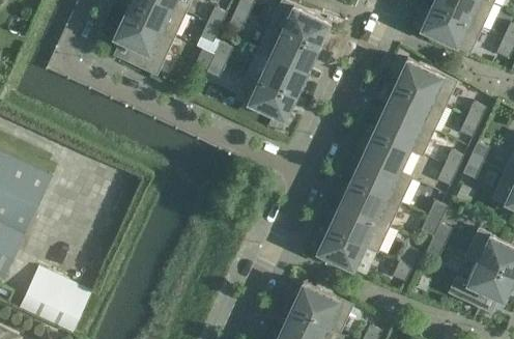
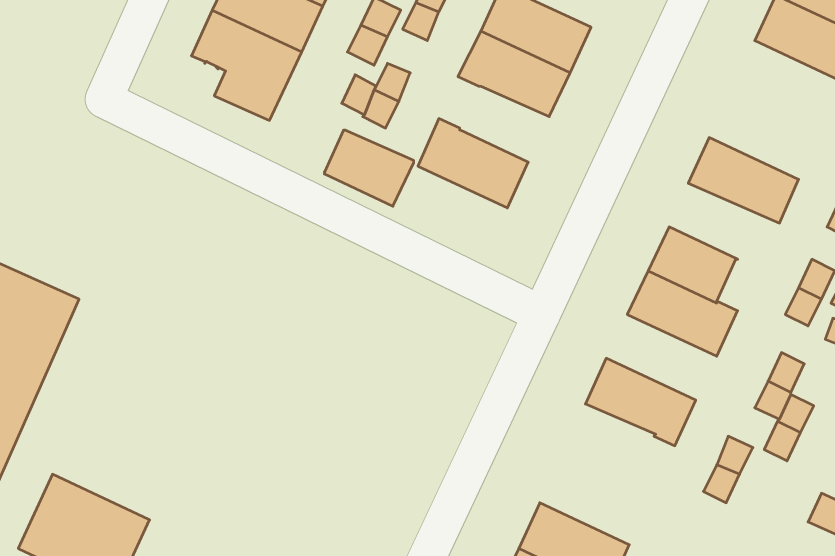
building: [259,56,308,97] -> [324,130,414,206]
building: [395,59,456,107] -> none
building: [373,109,433,157] -> none
building: [339,180,399,227] -> none
building: [316,229,366,272] -> none

